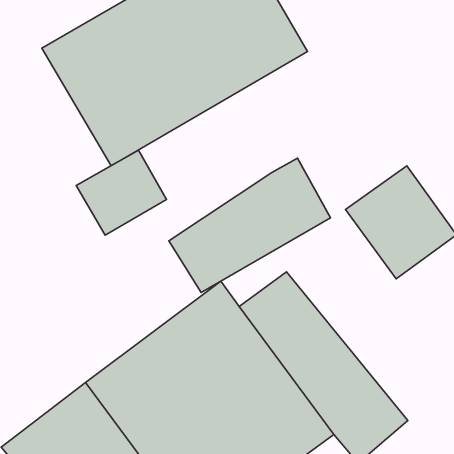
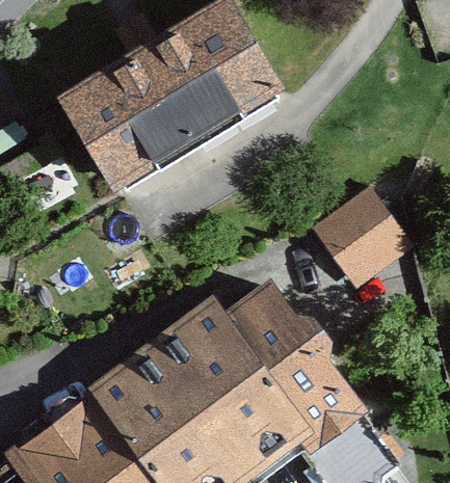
building: [76,150,167,235] -> none
building: [169,158,330,292] -> none

